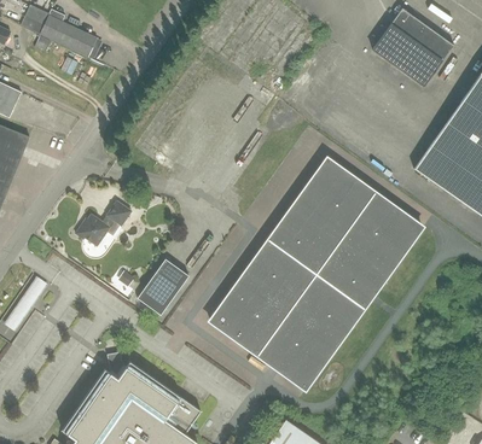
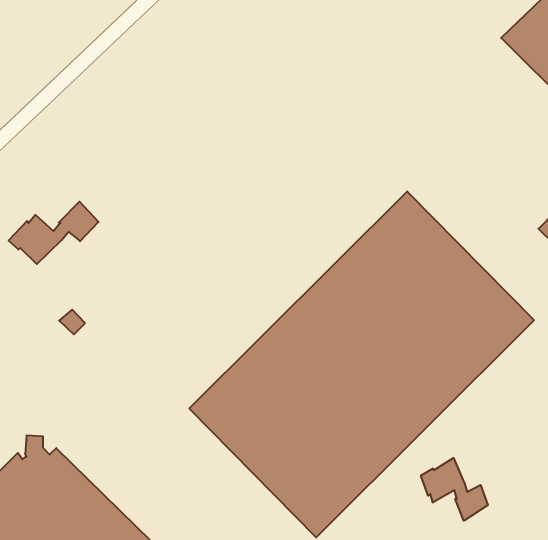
building: [137,258,188,314] -> none
building: none -> [421,458,488,521]

